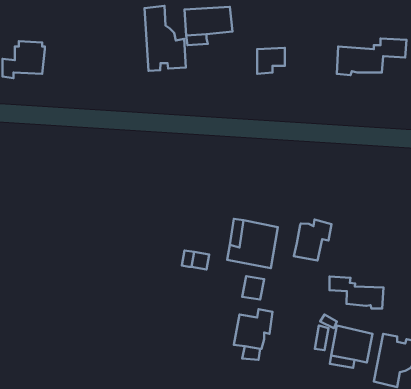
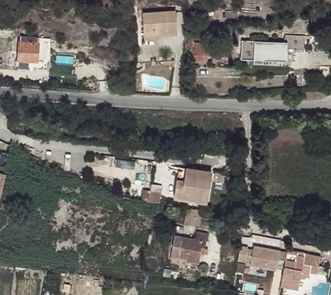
building: [145,6,186,71] -> none
building: [294,219,331,261] -> none
building: [329,277,383,309] -> none

